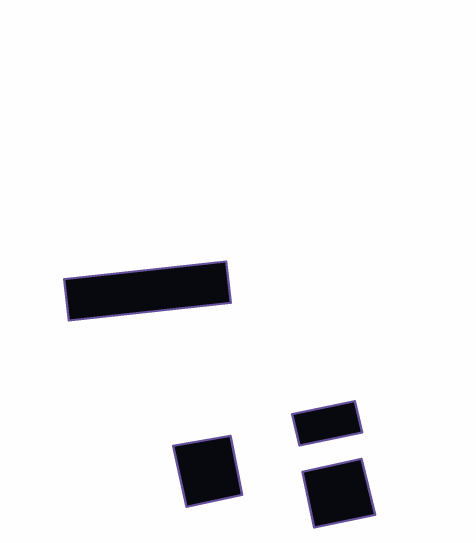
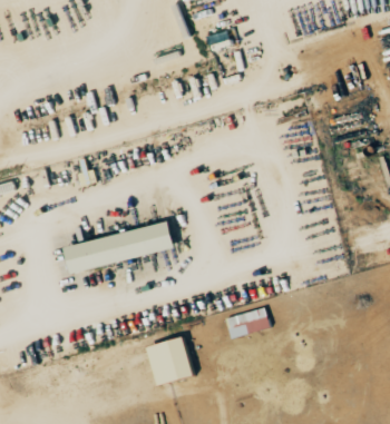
building: [302,459,375,528] -> none

